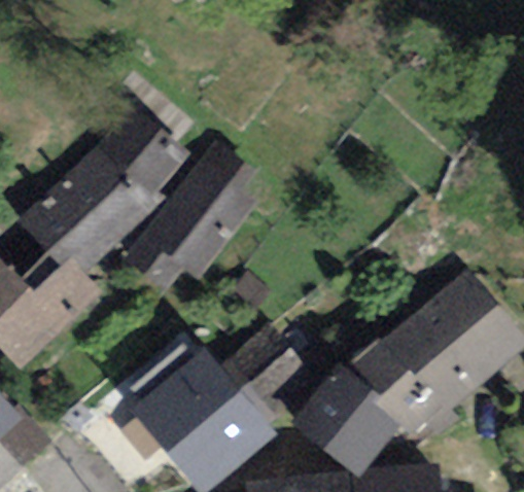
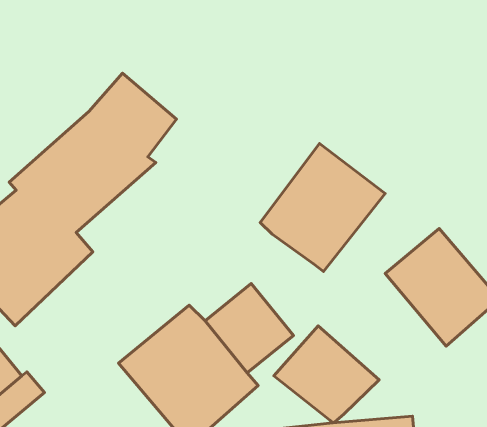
building: [125,146,253,293] -> none
building: none -> [260,143,385,271]
building: [351,318,471,442] -> none

